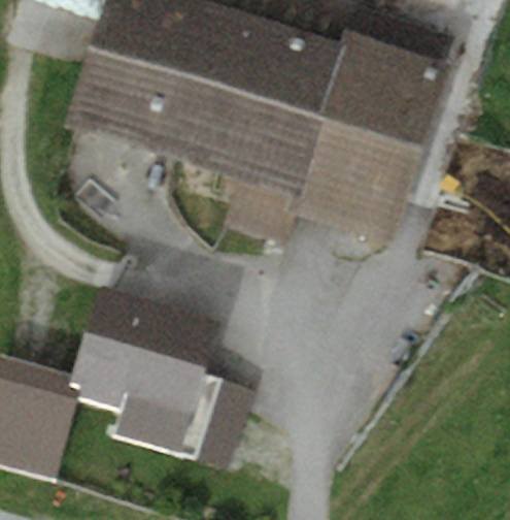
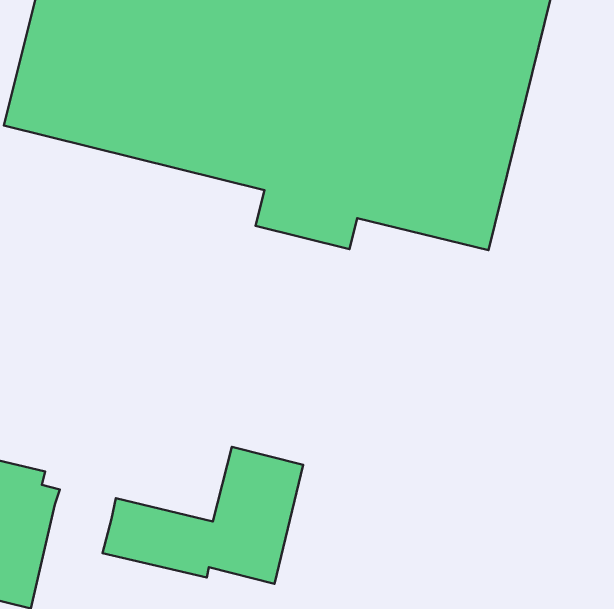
building: [67,287,216,418] -> none

